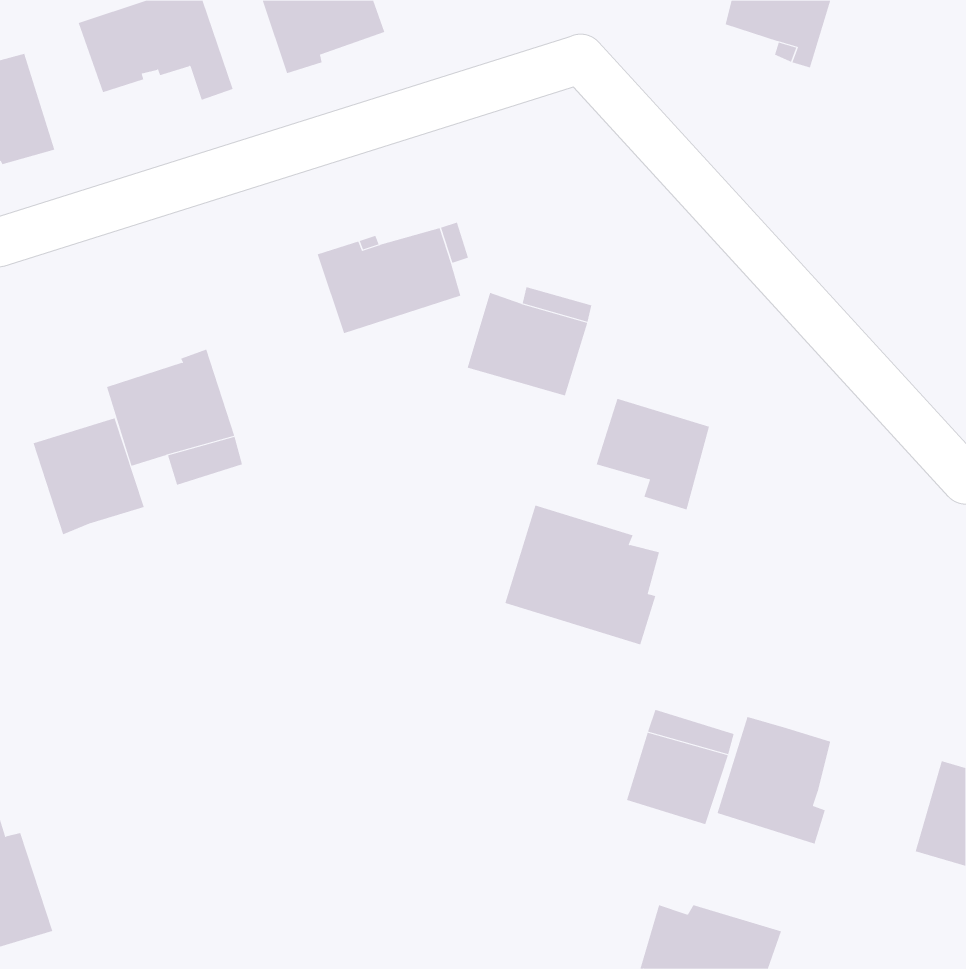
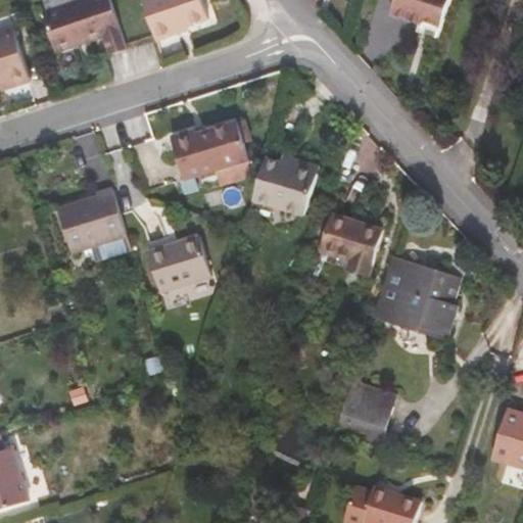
building: [33,418,145,535] -> none
building: none -> [147,236,210,291]
building: [504,505,660,645] -> [375,257,459,333]
building: [717,716,831,844] -> none

